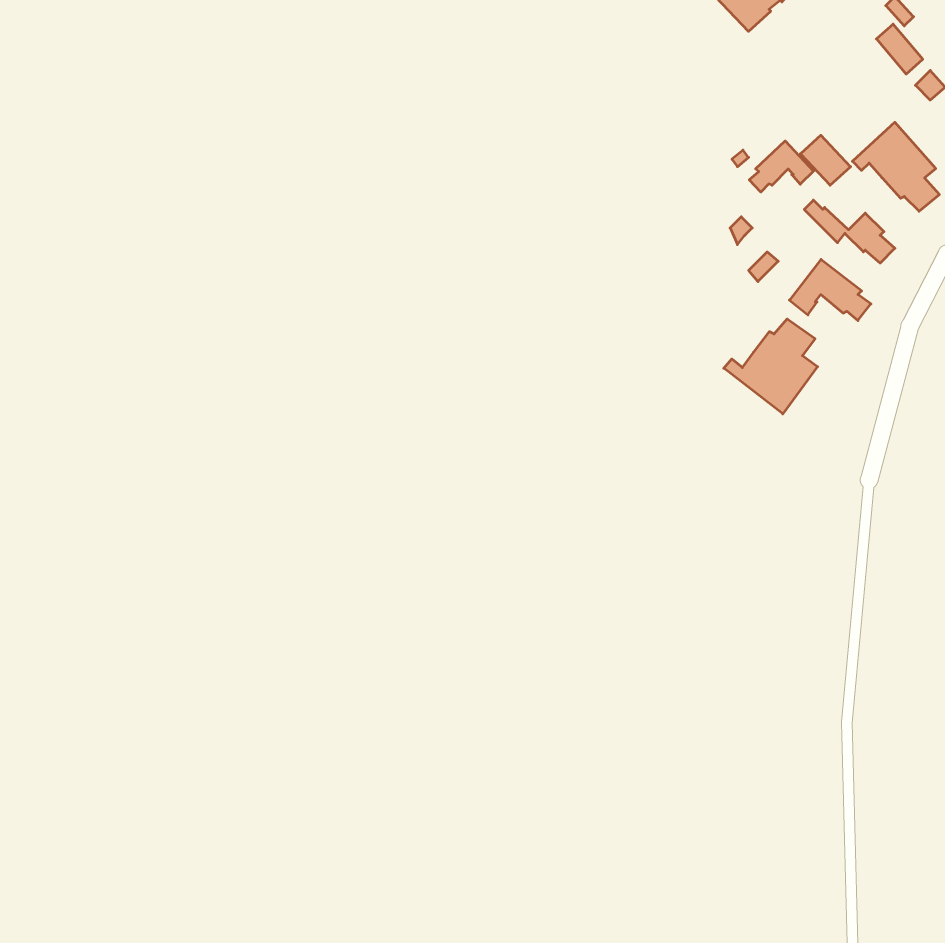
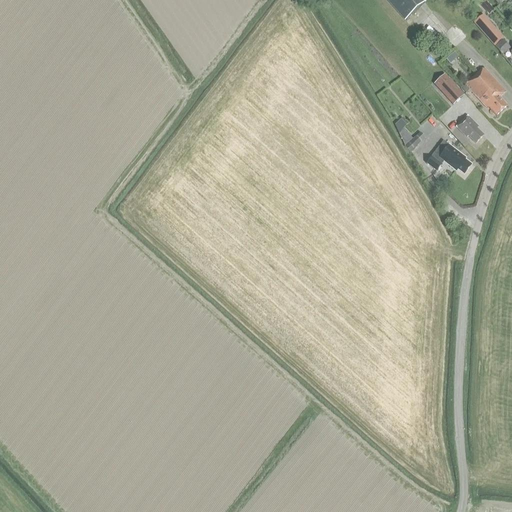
building: [749,141,814,192] -> none
building: [724,319,818,414] -> none

